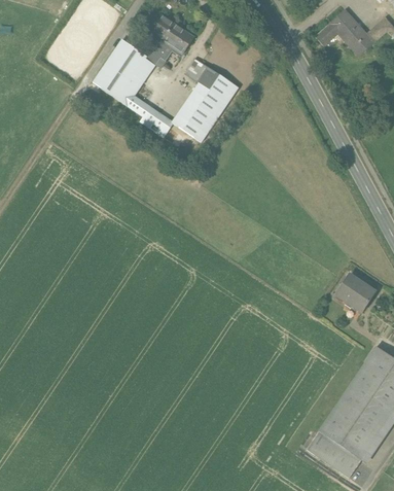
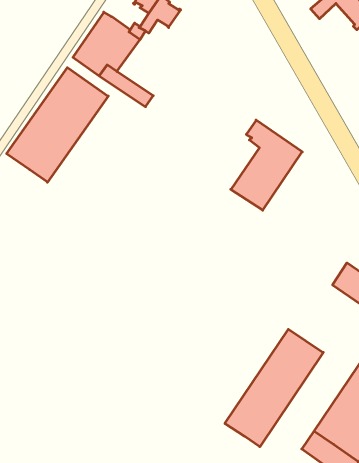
building: [172,58,239,142] -> [231,120,302,210]
building: none -> [7,68,108,182]
building: none -> [225,329,323,447]

